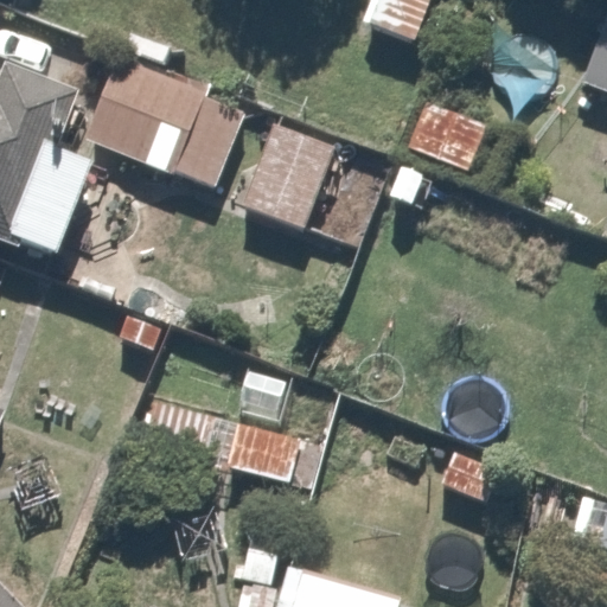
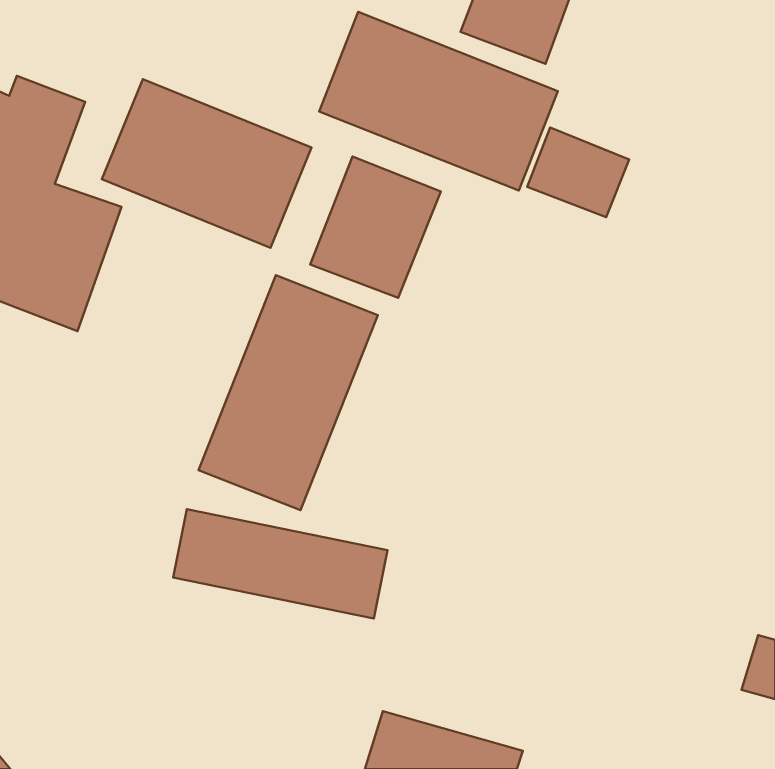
building: none -> [319,12,558,191]
building: none -> [199,275,378,510]

